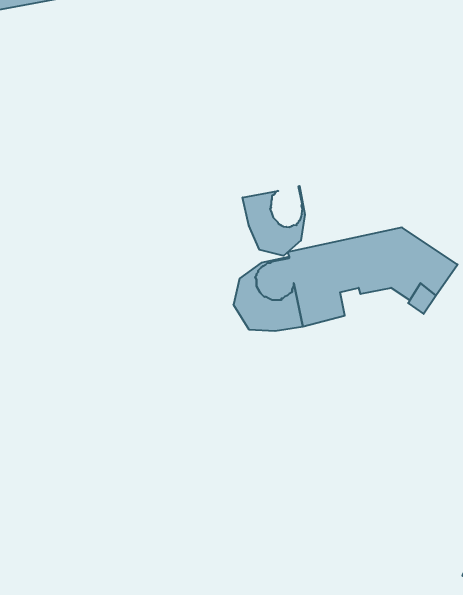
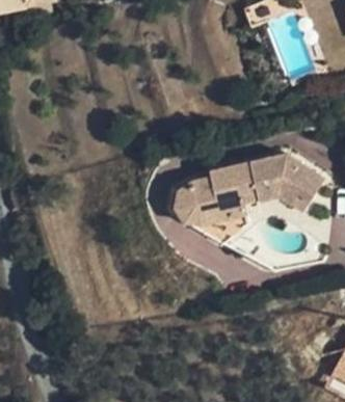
building: [243,186,305,256] -> none

